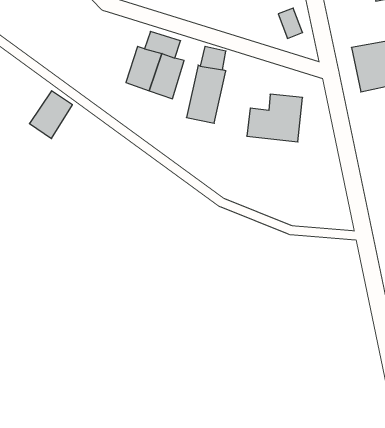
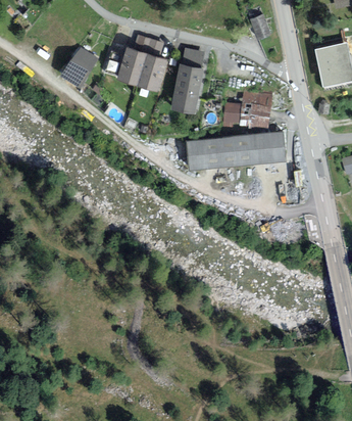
building: [29,91,72,139] -> [60,46,98,88]
building: none -> [186,131,287,171]

